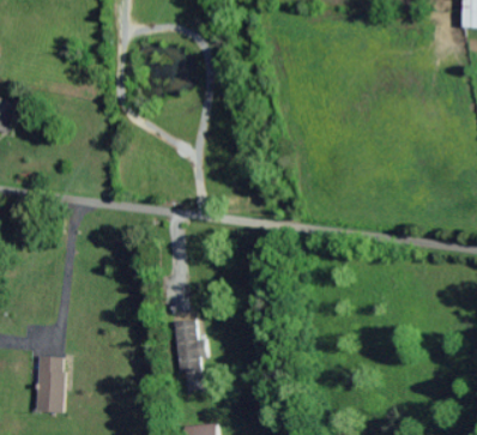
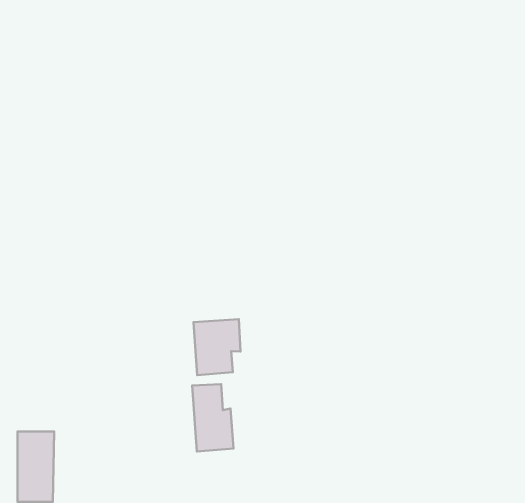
building: none -> [193,319,241,375]

